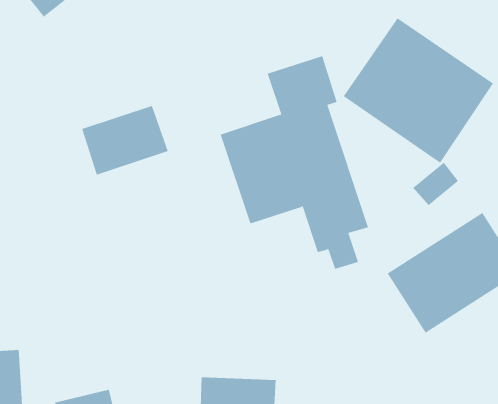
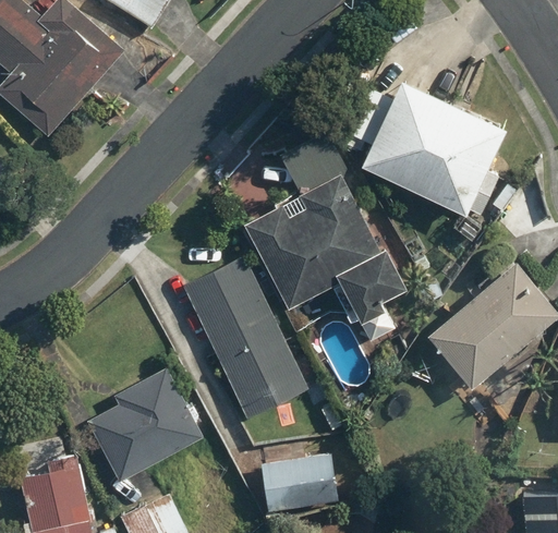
building: [81,105,168,176] -> none
building: none -> [183,255,311,419]
building: none -> [86,366,202,483]

